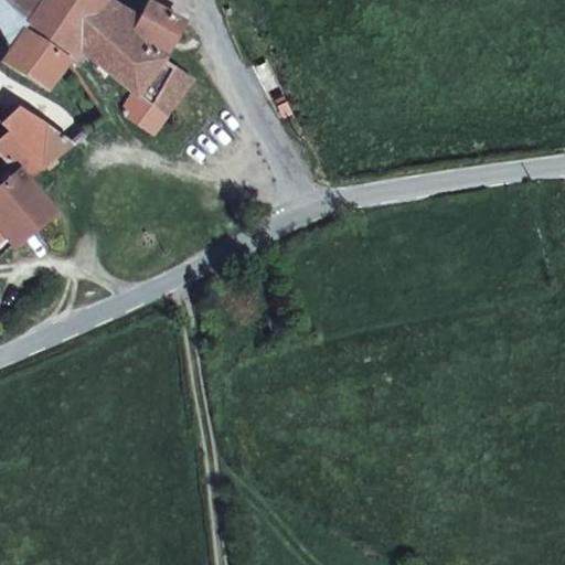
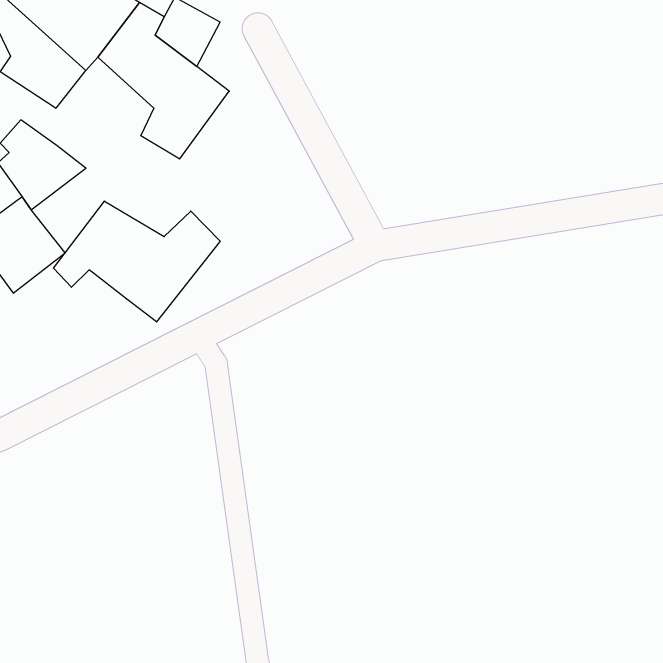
building: none -> [53,201,220,322]

